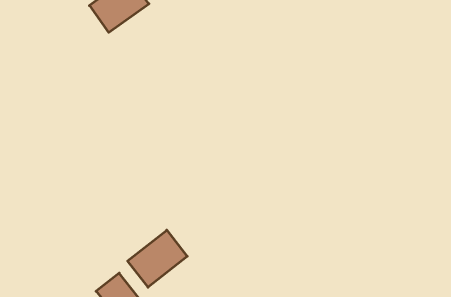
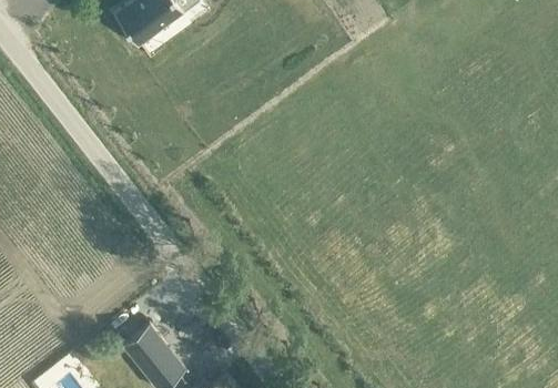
building: [128,230,187,287] -> none

